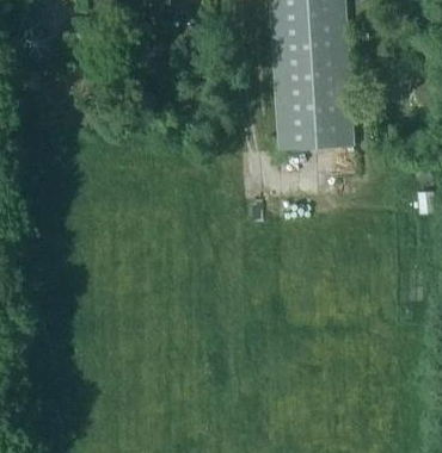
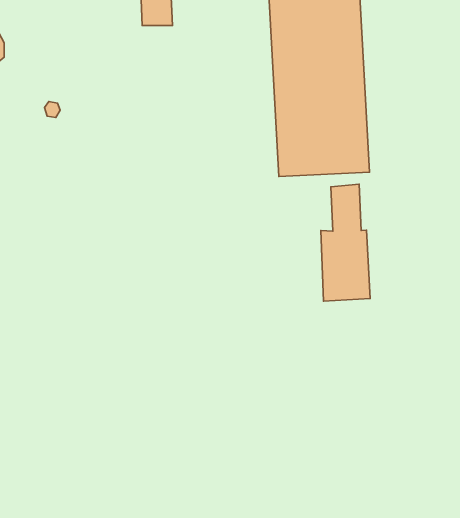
building: none -> [321,184,370,301]

